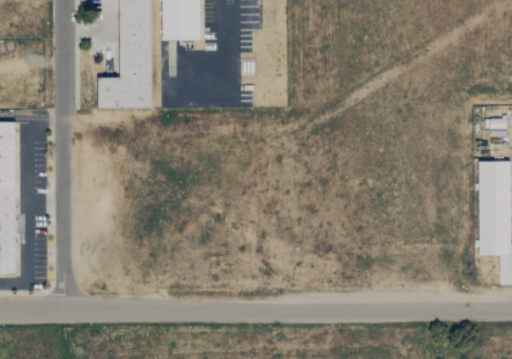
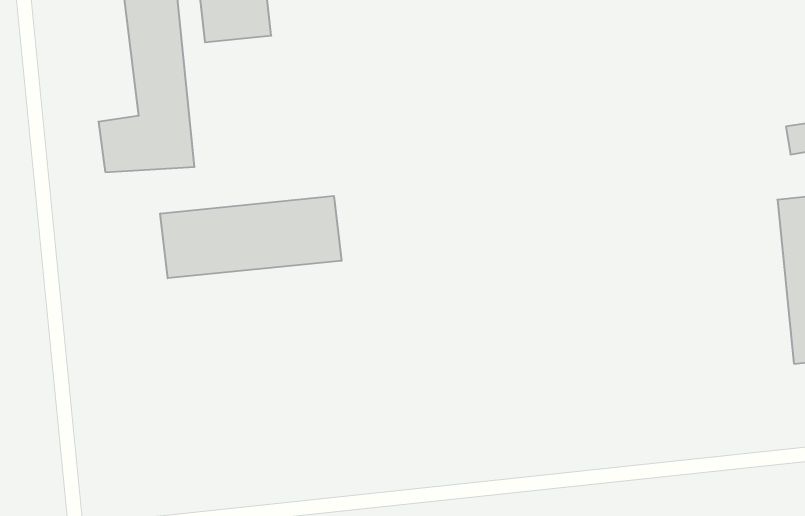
building: none -> [160,196,341,278]

